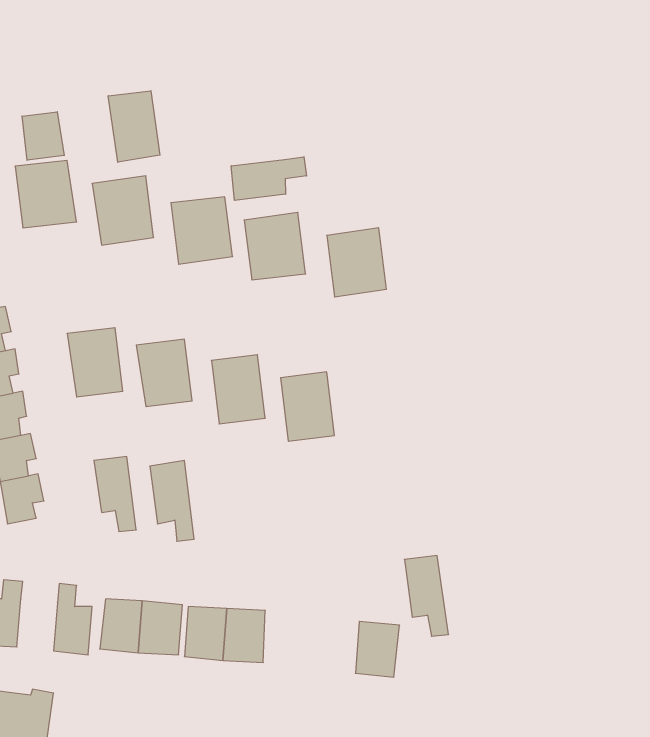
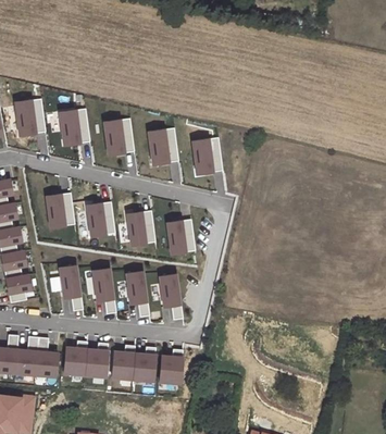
building: [108,91,160,162] -> none
building: [22,112,64,160] -> none
building: [231,157,307,200] -> none
building: none -> [124,269,149,315]
building: [404,556,449,636] -> [158,272,183,318]
building: none -> [15,335,39,374]
building: [355,621,400,677] -> [158,351,183,383]

